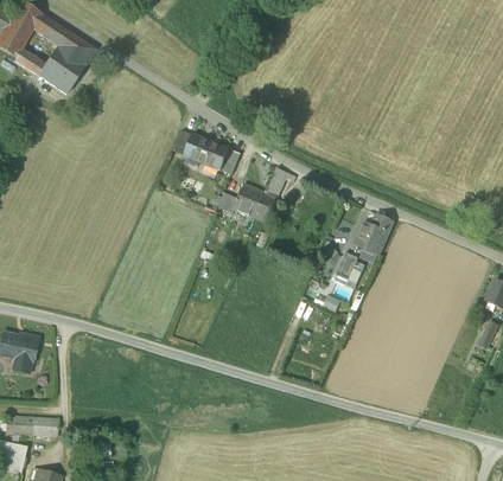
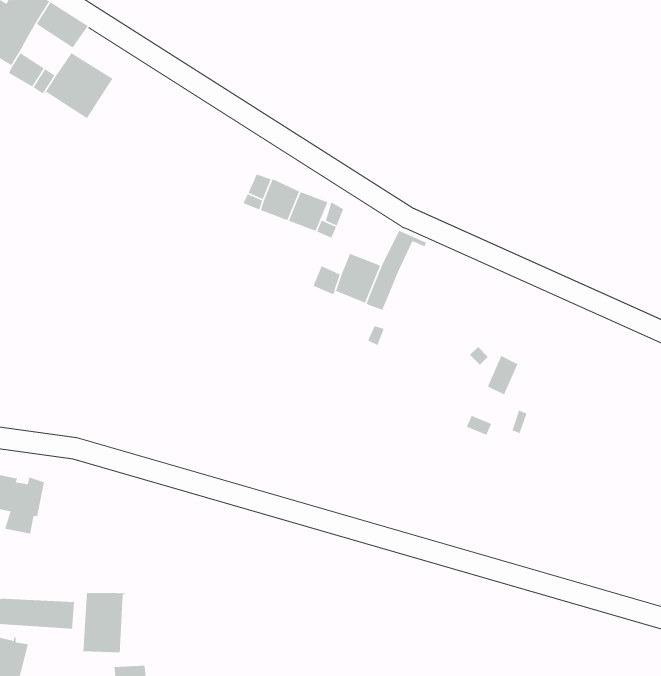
building: [57,30,97,65] -> none
building: [355,212,394,254] -> none
building: none -> [82,592,126,653]

